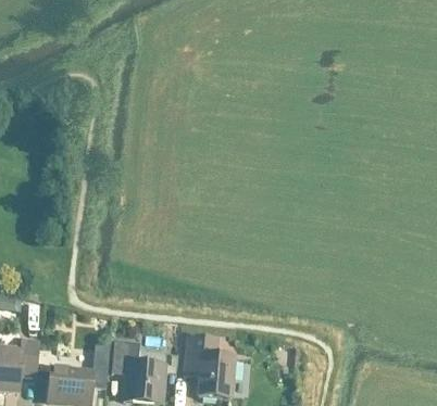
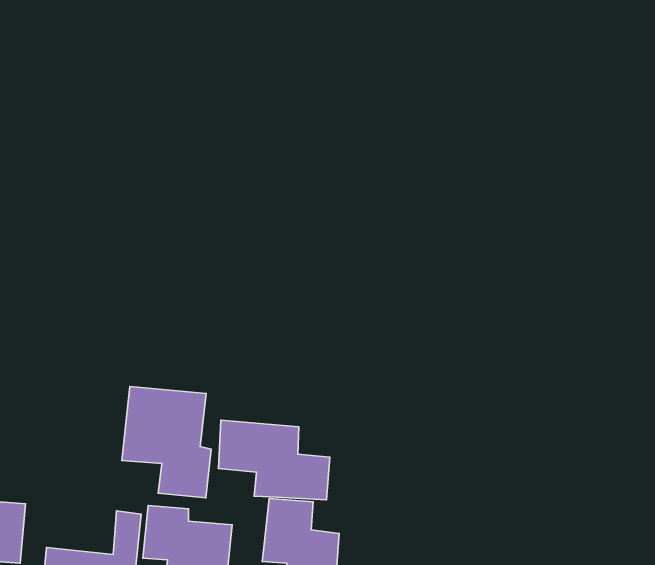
building: none -> [122,386,211,498]
building: none -> [219,420,330,500]

